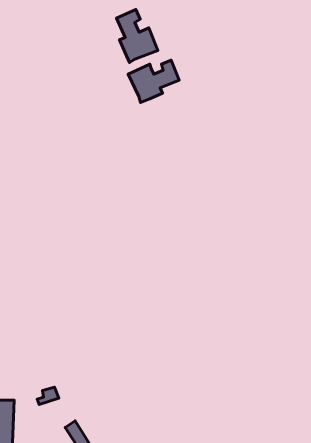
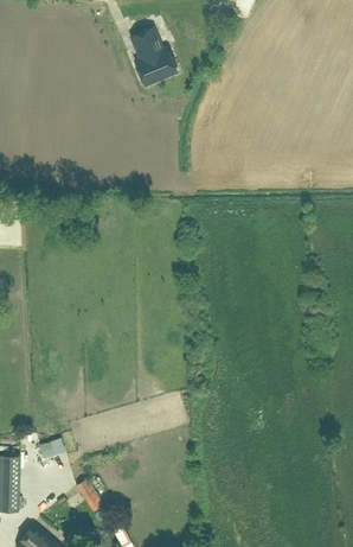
building: [128,60,179,103] -> none

